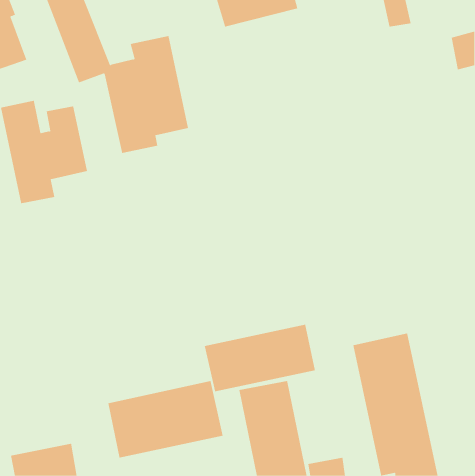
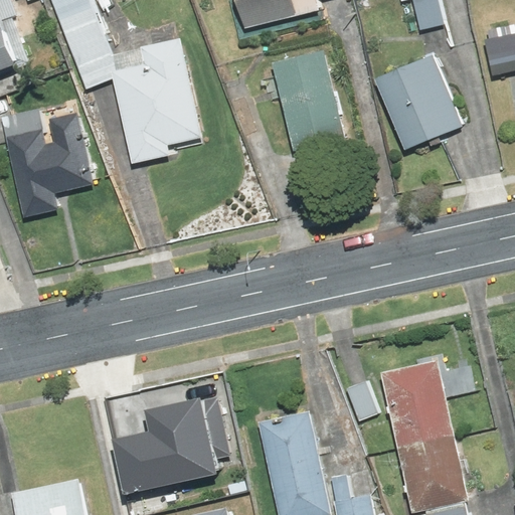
building: none -> [272,50,345,154]
building: none -> [373,53,463,152]
building: [204,324,315,392] -> none

